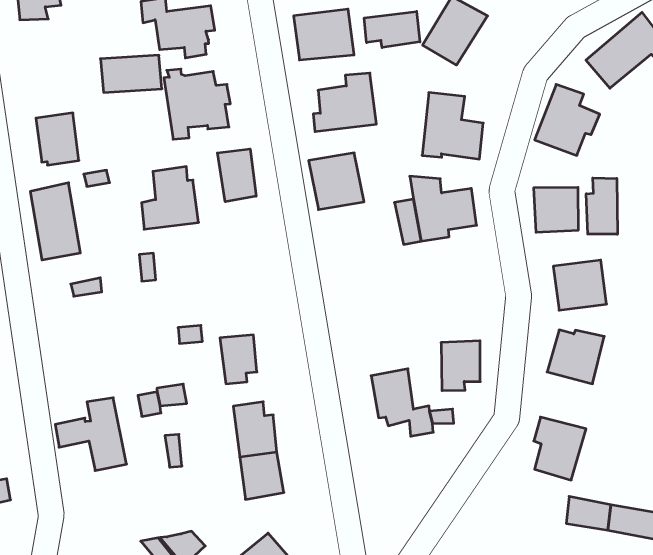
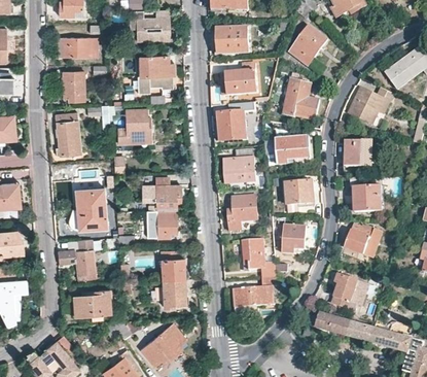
building: [364,11,420,48] -> none
building: [100,55,162,92] -> [63,37,97,58]
building: [217,149,256,202] -> none
building: [586,178,617,234] -> none
building: none -> [225,148,256,183]
building: none -> [286,180,315,205]
building: none -> [149,177,180,211]
building: none -> [228,191,261,231]
building: none -> [69,186,108,231]
building: none -> [234,276,277,317]
building: none -> [73,289,111,317]
building: none -> [316,312,351,336]

